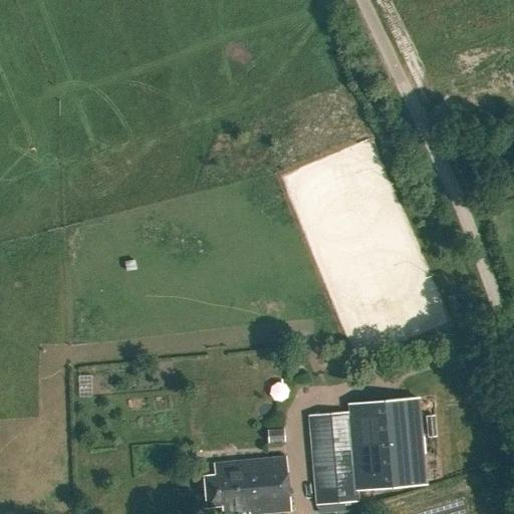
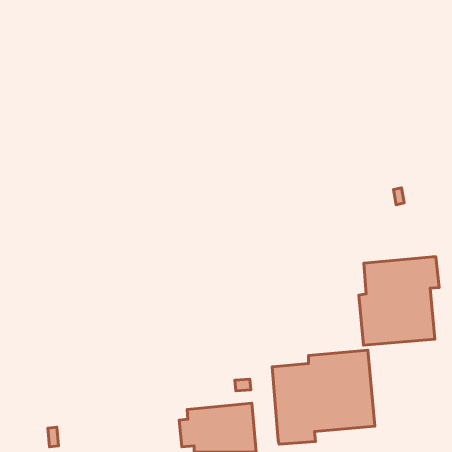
building: none -> [359,257,439,345]

